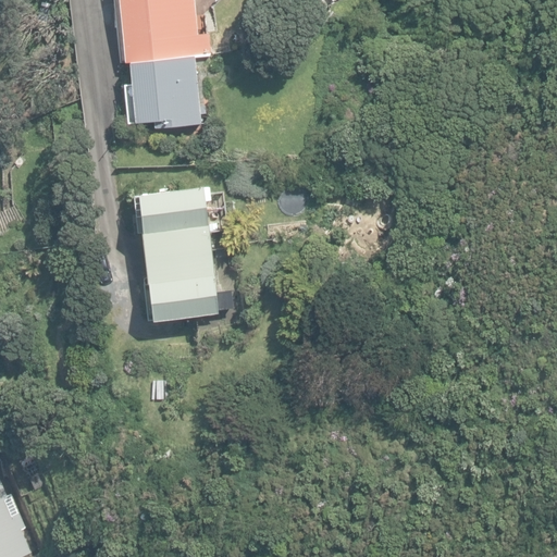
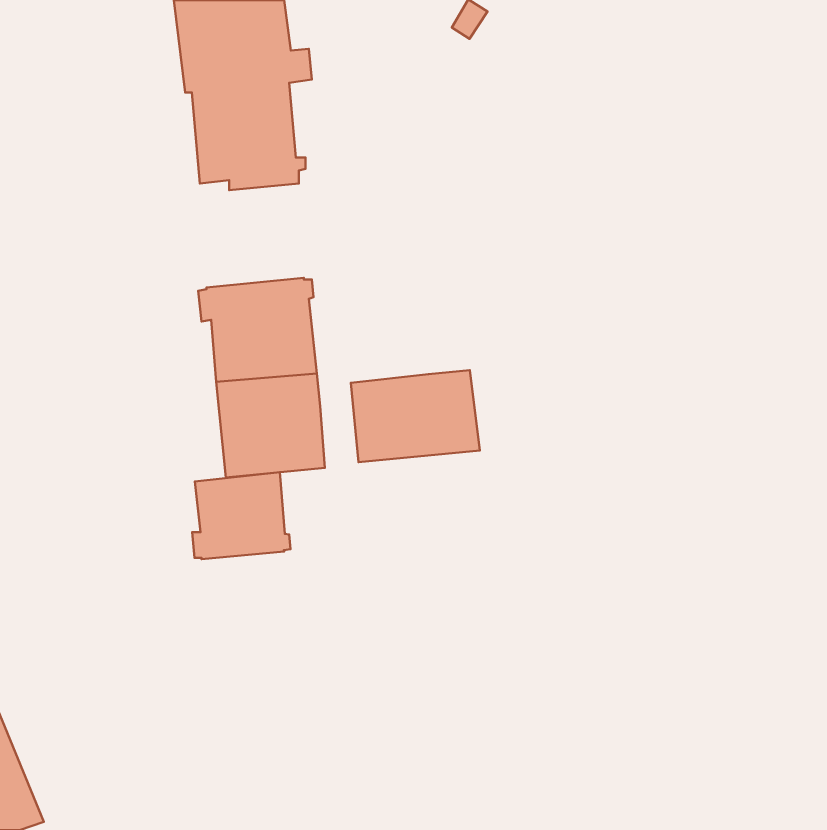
building: none -> [351,370,480,462]
building: none -> [192,472,291,559]

